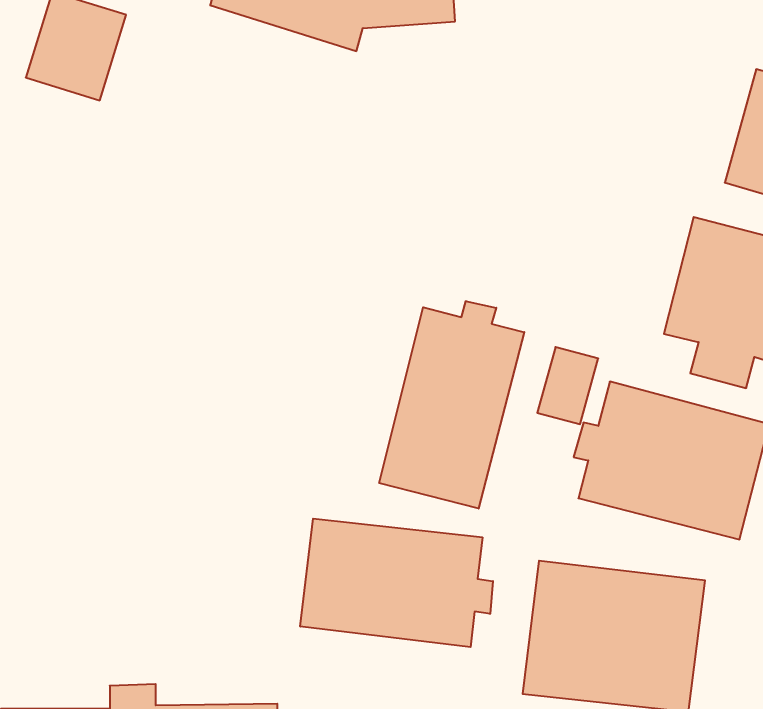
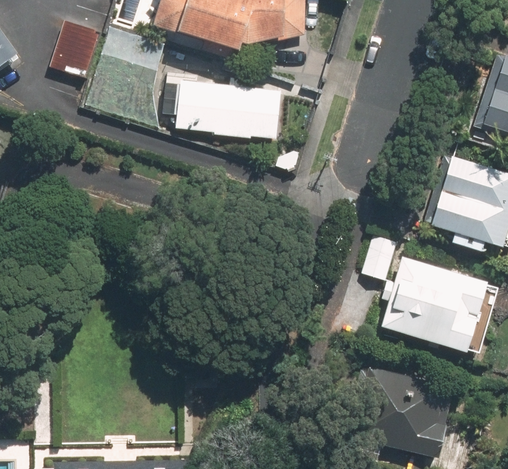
building: none -> [175,82,283,140]
building: [379,301,524,509] -> none
building: [300,519,493,647] -> none

